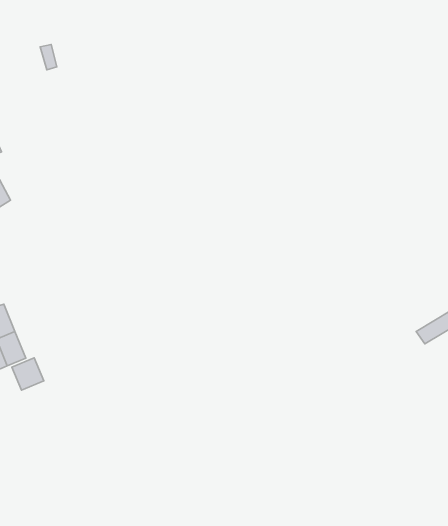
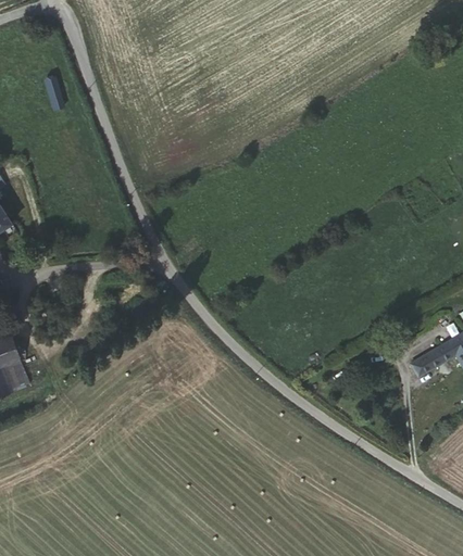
building: [12,358,44,390] -> none

